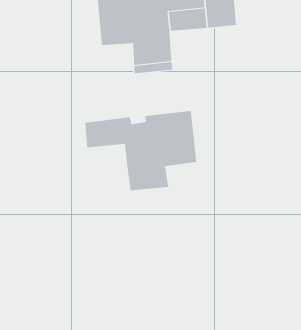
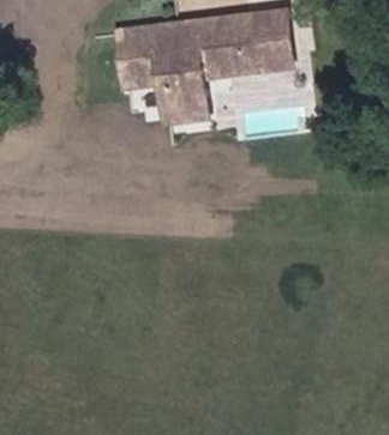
building: [85,110,197,191] -> none

